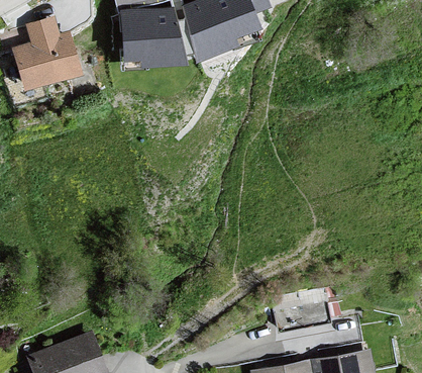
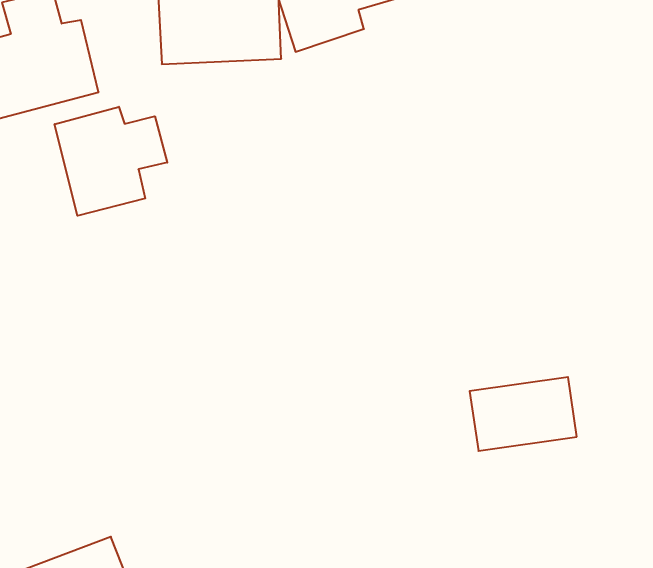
building: none -> [55,107,167,216]
building: [266,286,327,329] -> [470,377,577,451]

